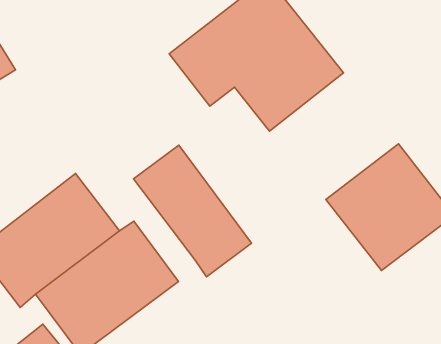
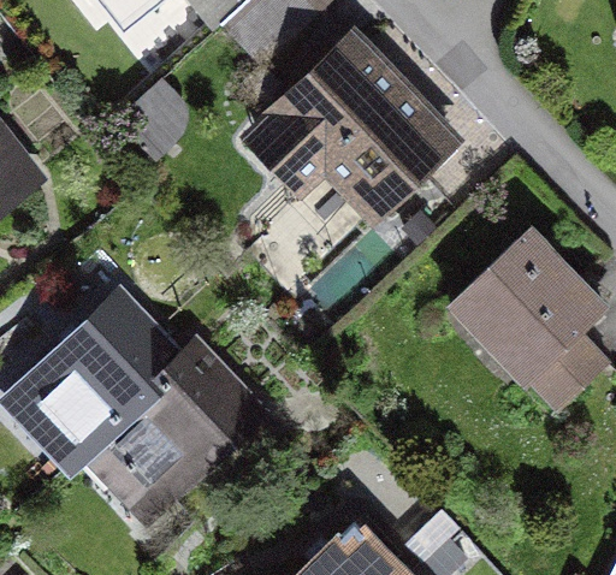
building: [134,145,251,277] -> none

